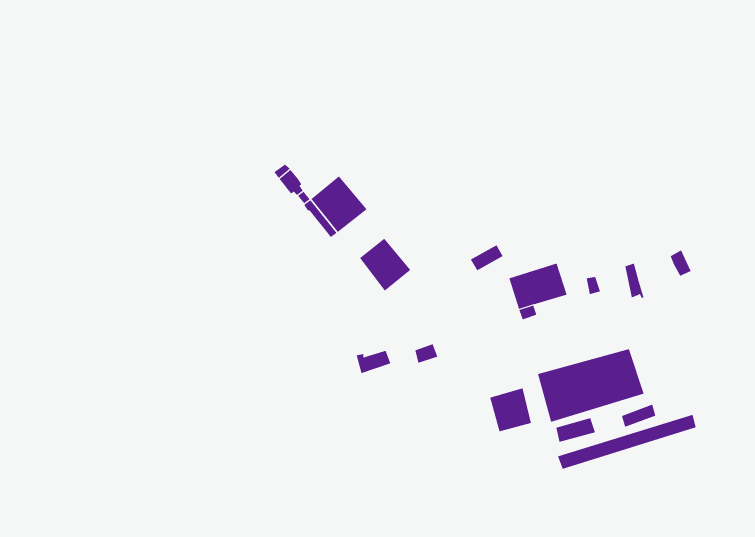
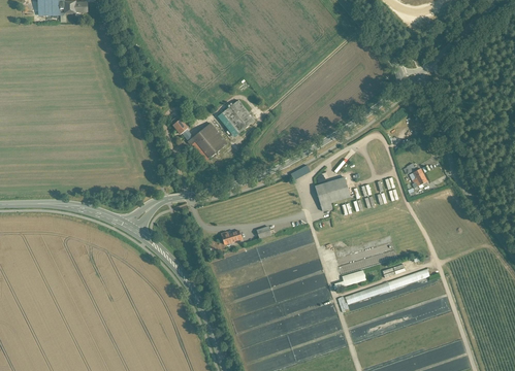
building: [359,238,411,292] -> [222,100,254,133]
building: [489,388,531,432] -> none

